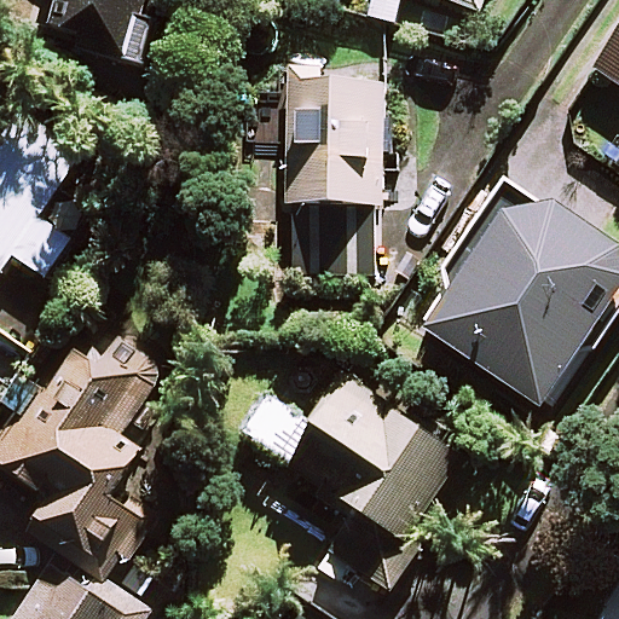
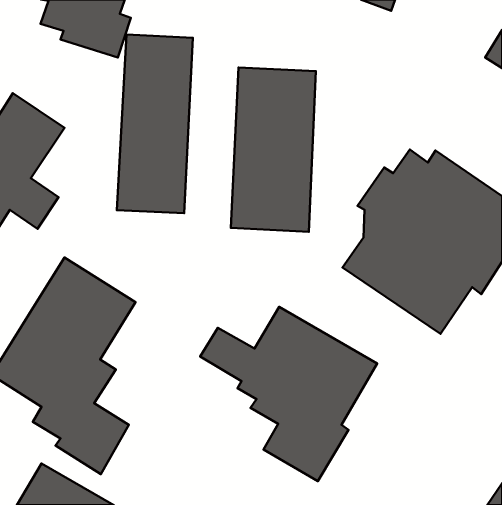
building: none -> [117,35,193,213]

